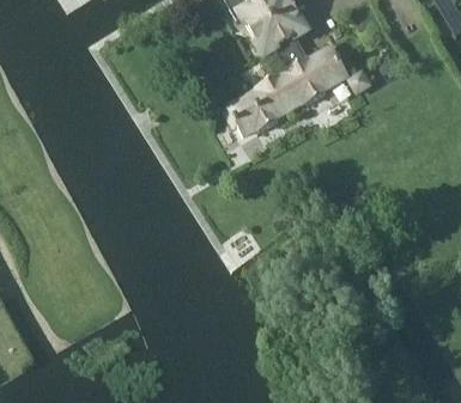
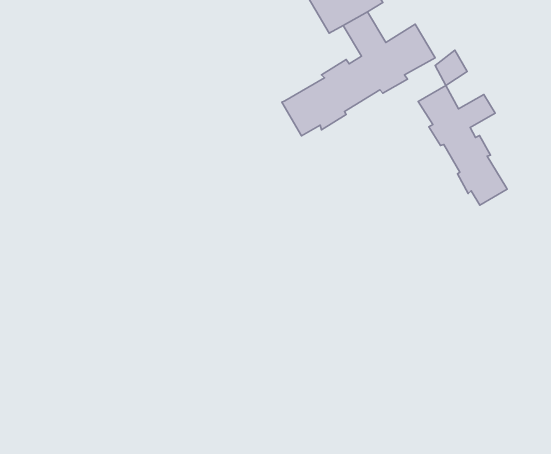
building: none -> [418,85,507,205]

